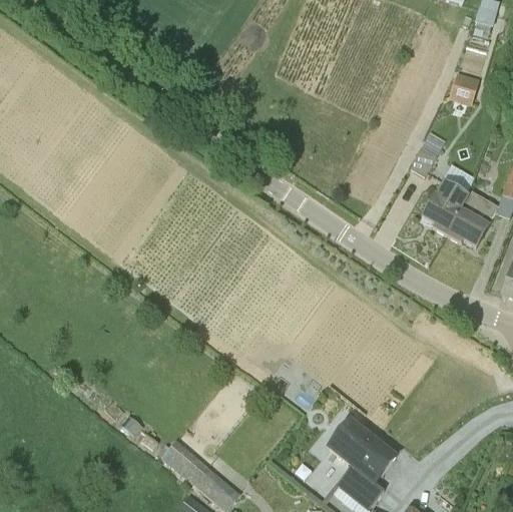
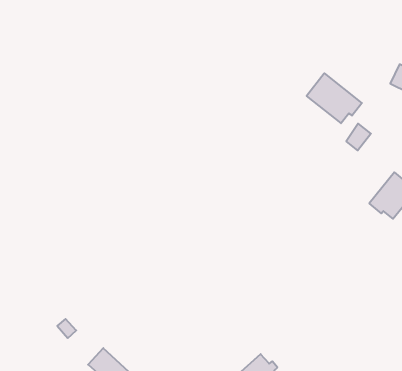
building: none -> [307,73,362,123]
building: [422,179,470,233] -> none

